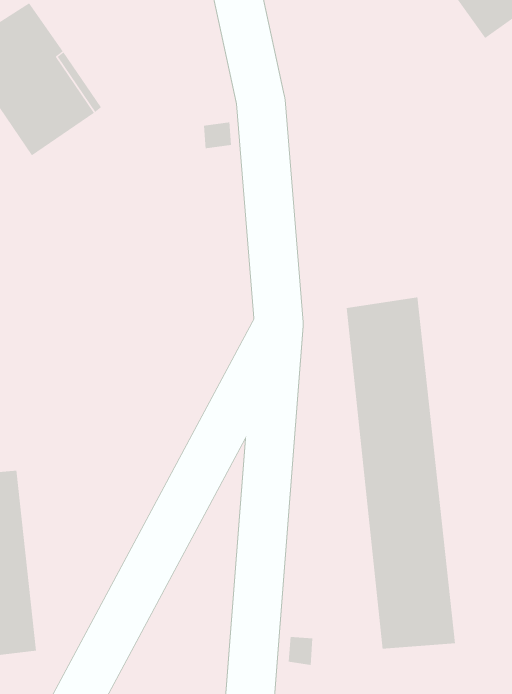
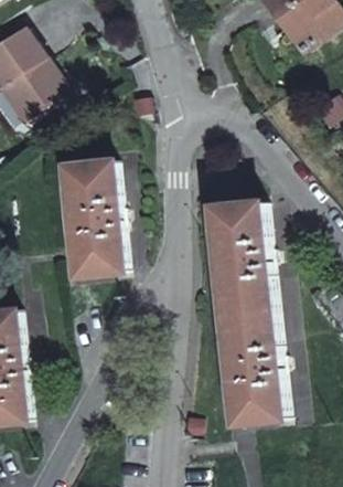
building: none -> [62,161,121,276]

